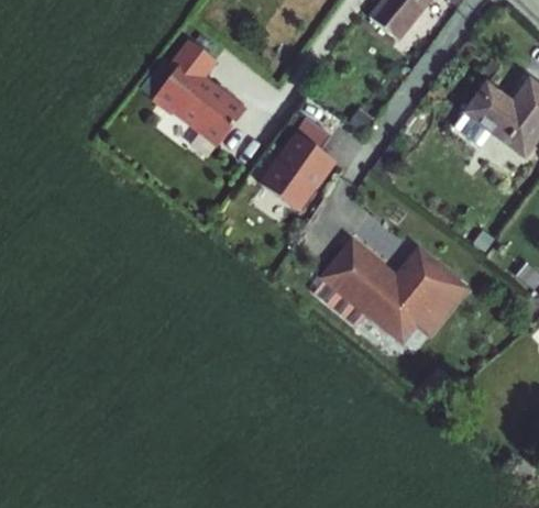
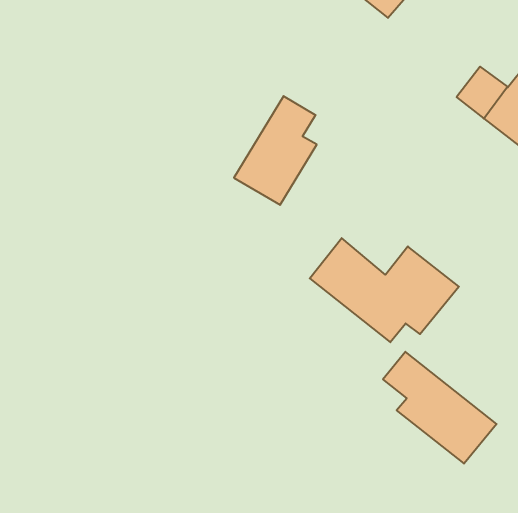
building: [154,40,246,144] -> none
building: none -> [383,352,497,464]

